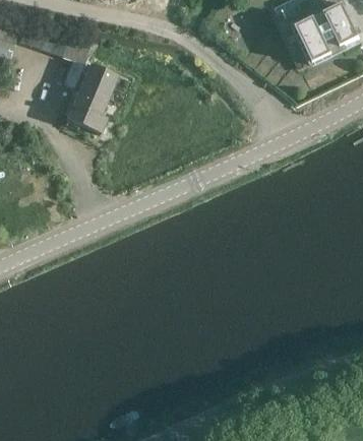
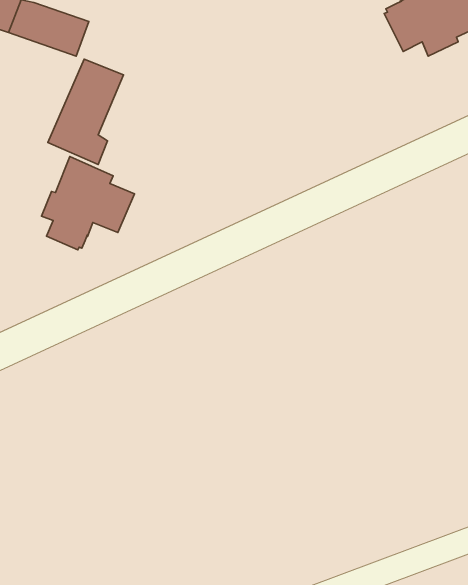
building: none -> [42,156,135,250]

